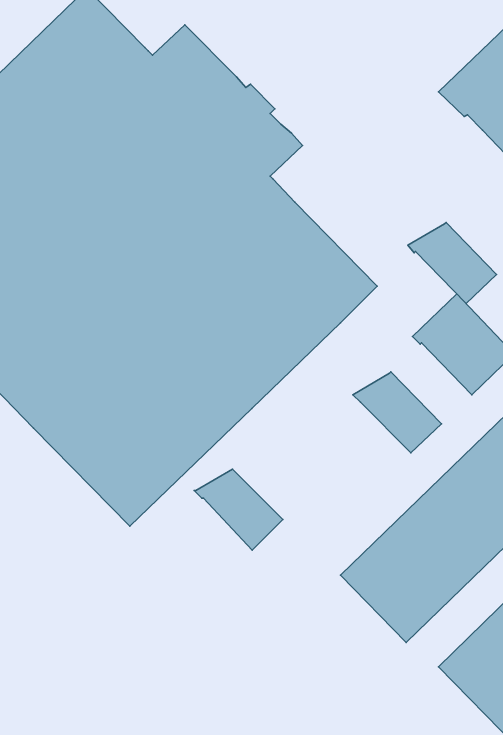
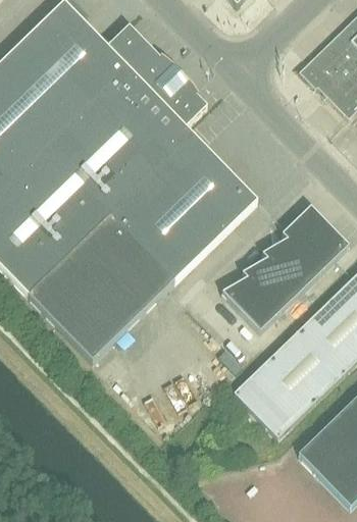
building: [408,222,497,303] -> [262,237,321,291]
building: [194,469,283,550] -> [221,276,280,330]

